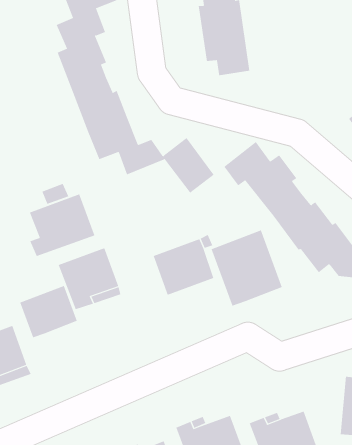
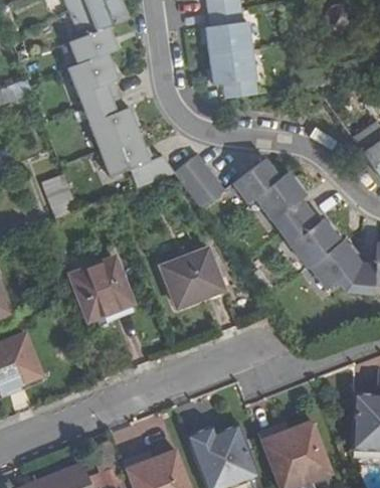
building: [29,193,95,257] -> none
building: [211,230,283,307] -> none
building: [19,285,77,338] -> none

